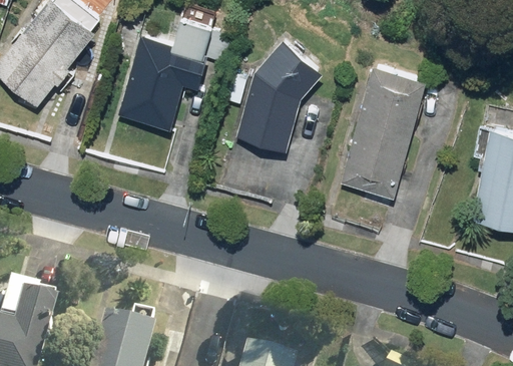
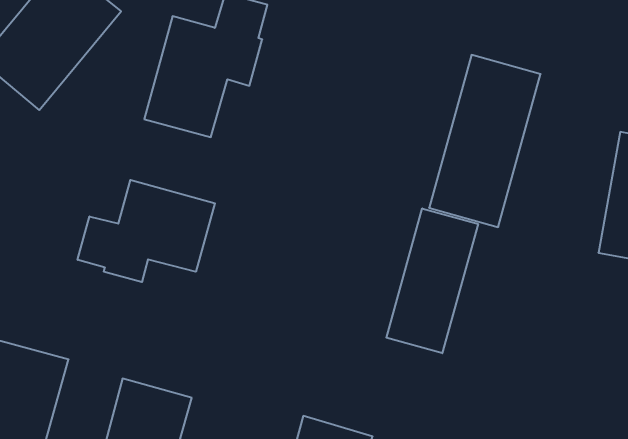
building: [235,37,325,150] -> none
building: none -> [78,180,215,282]
building: none -> [386,208,478,353]

